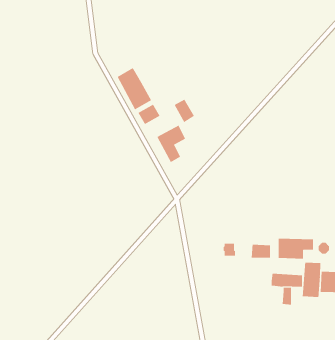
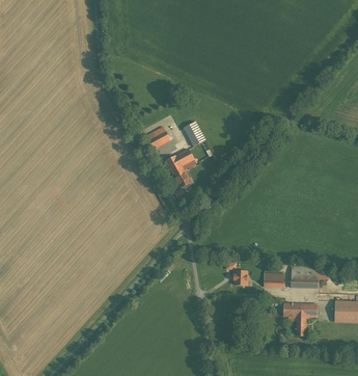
building: [117,67,152,110] -> none
building: [302,262,321,298] -> none

